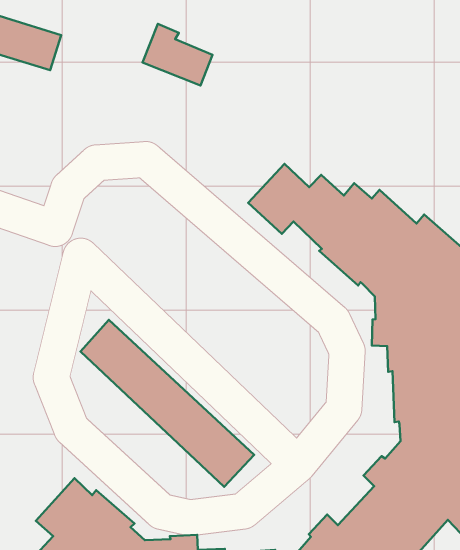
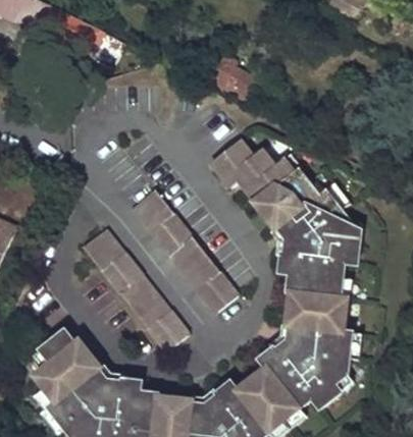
building: [143,24,213,85] -> [208,52,256,98]
building: none -> [131,188,237,312]

